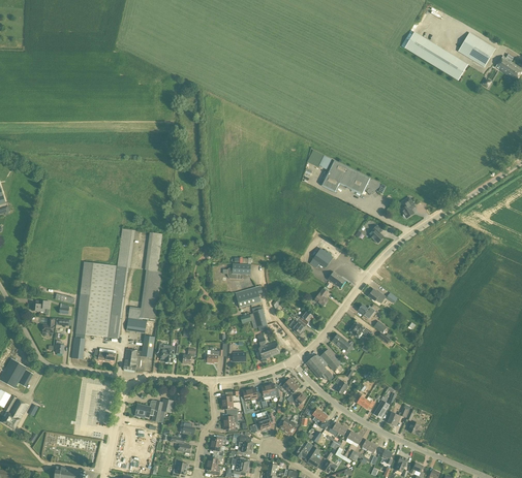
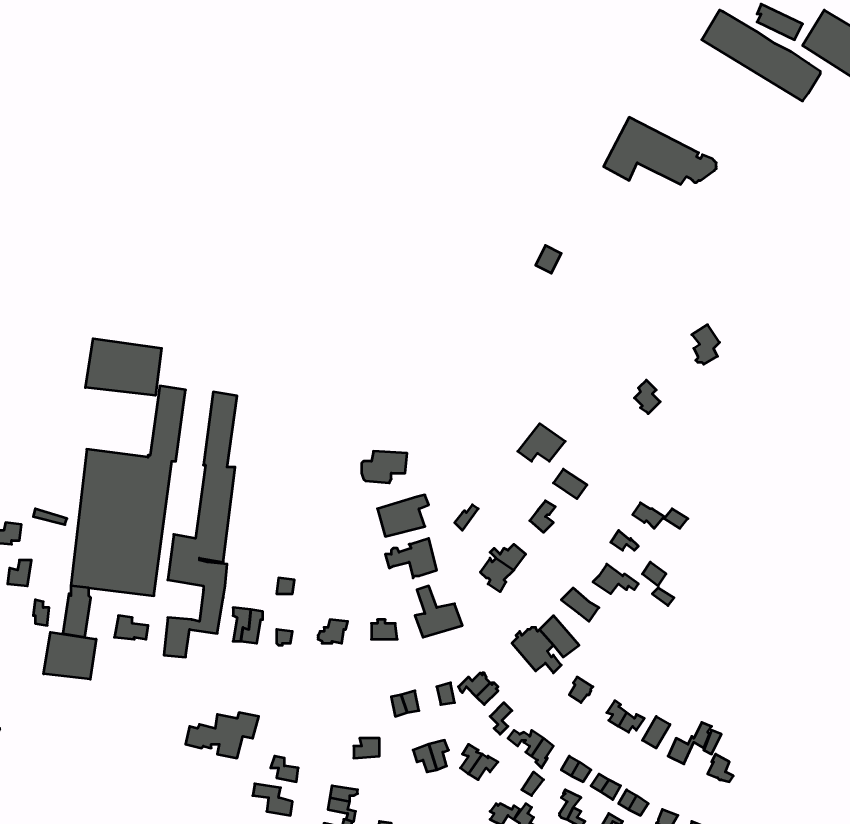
building: [319,159,378,194] -> [604,117,716,184]
building: none -> [85,339,162,395]
building: none -> [44,632,96,679]

